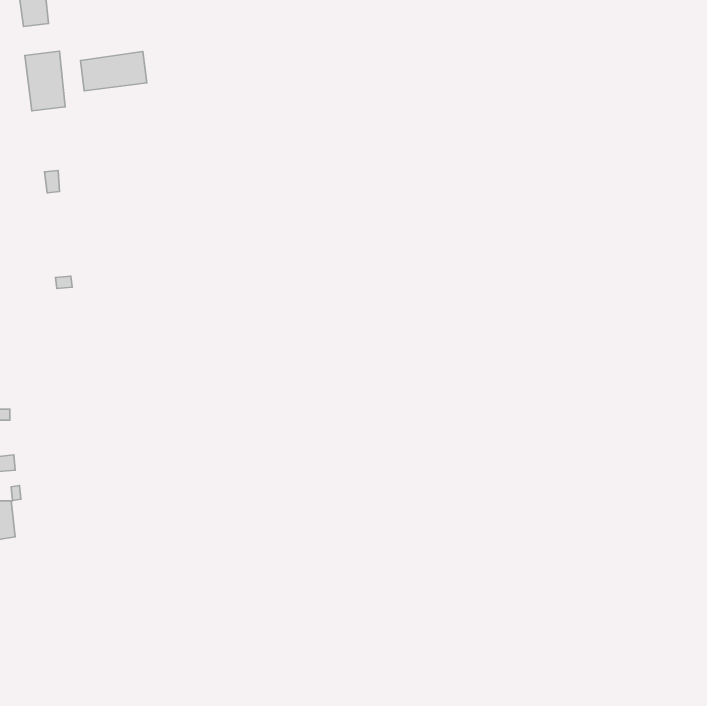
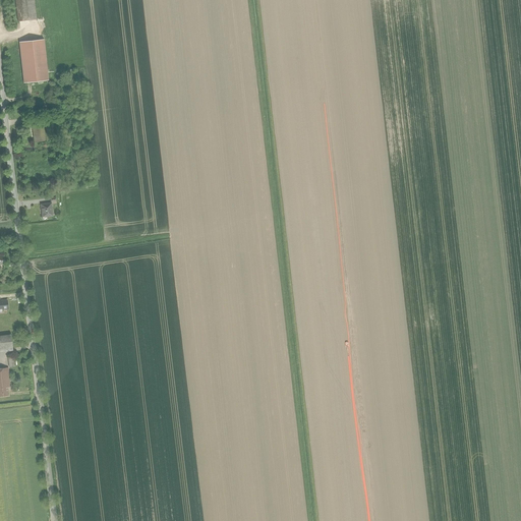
building: [80,51,147,91] -> none

